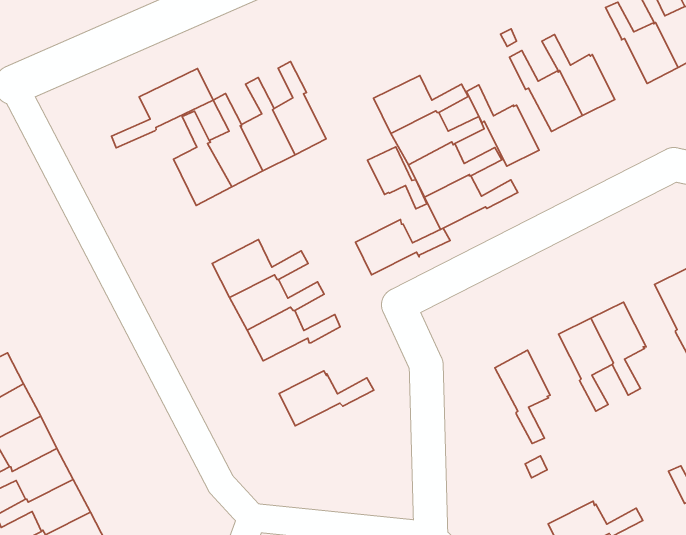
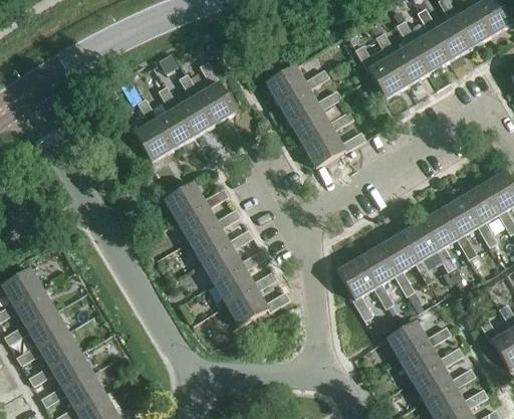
building: [111,68,213,148] -> none
building: [466,85,539,166] -> [397,20,448,73]
building: [367,147,427,209] -> none
building: [356,220,450,275] -> [202,246,265,284]
building: none -> [441,196,478,259]
building: none -> [378,233,416,295]
building: none -> [336,258,374,321]
building: none -> [226,288,289,326]
building: none -> [387,321,451,361]

